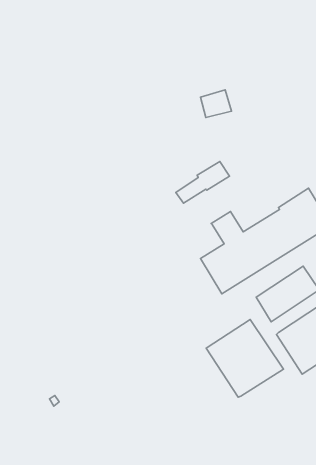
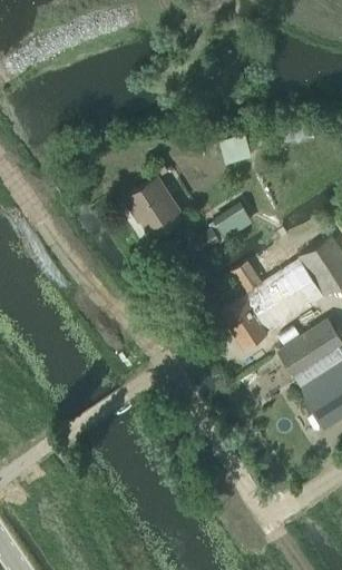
building: none -> [127,180,182,235]
building: [206,320,283,397] -> none

